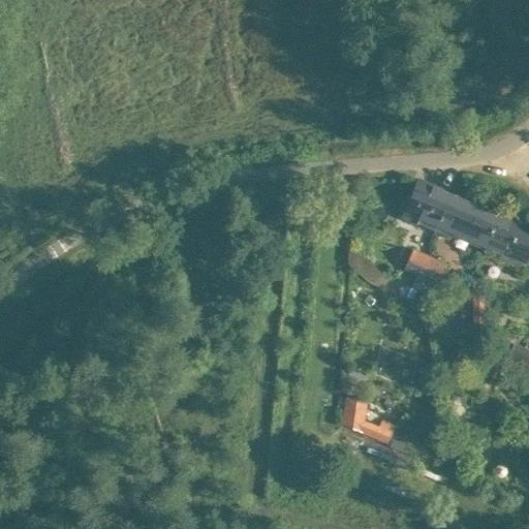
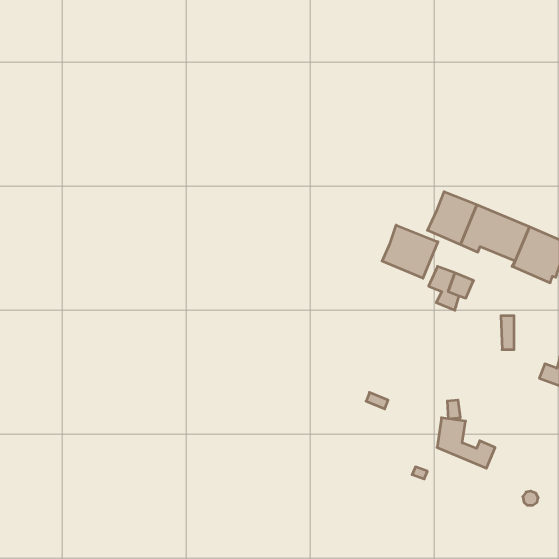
building: none -> [382,225,438,278]
building: [342,396,397,443] -> [437,418,495,468]

